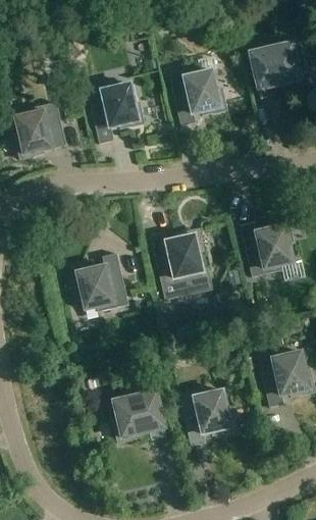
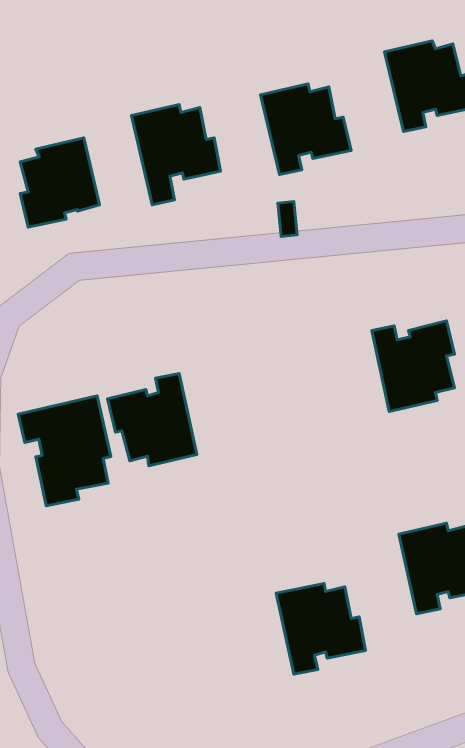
building: [151,228,213,301] -> none
building: none -> [18,396,111,506]
building: [114,385,167,443] -> none

